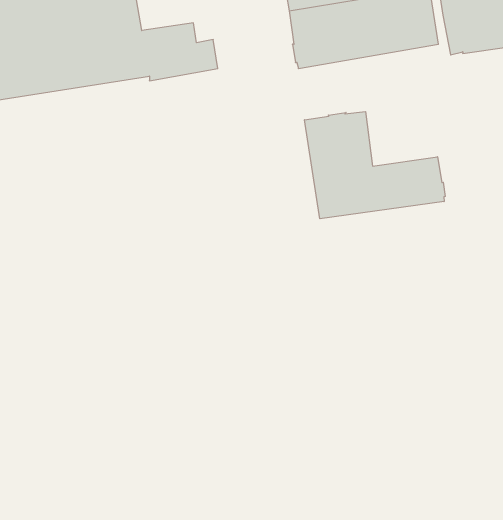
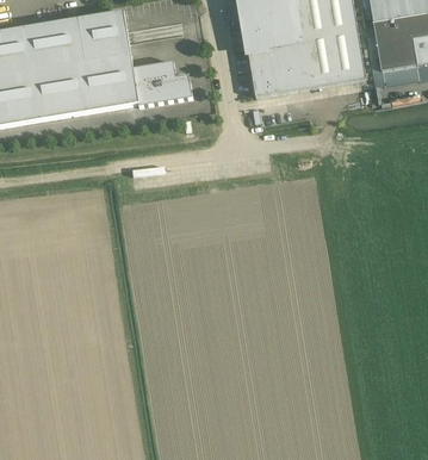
building: [305,112,445,219] -> none

